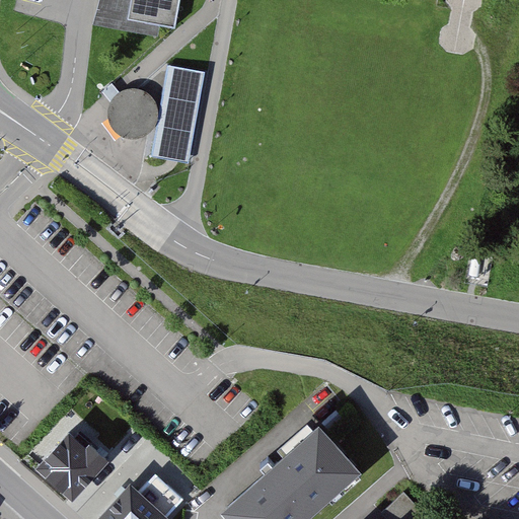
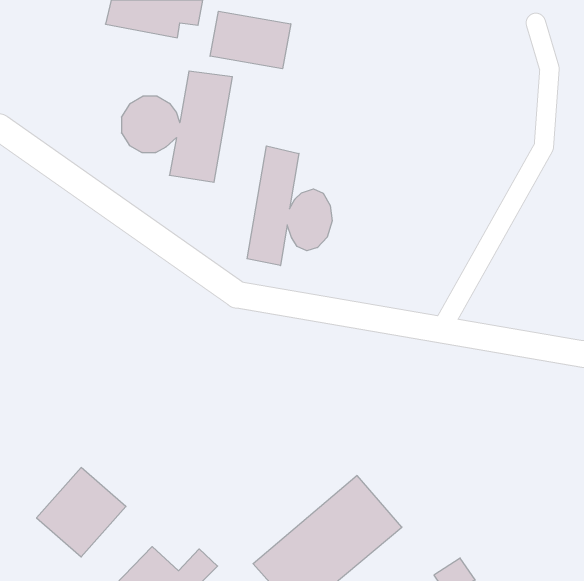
building: none -> [210,11,291,69]
building: none -> [247,146,332,266]

